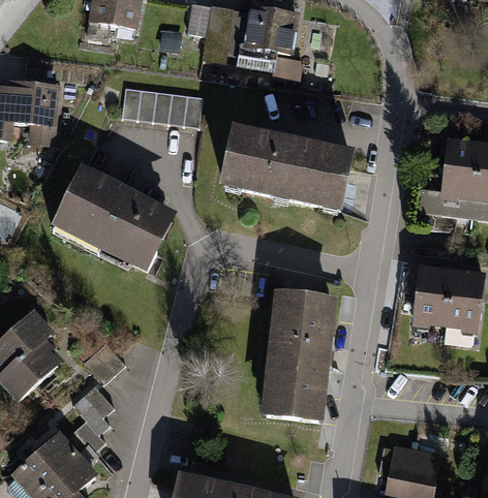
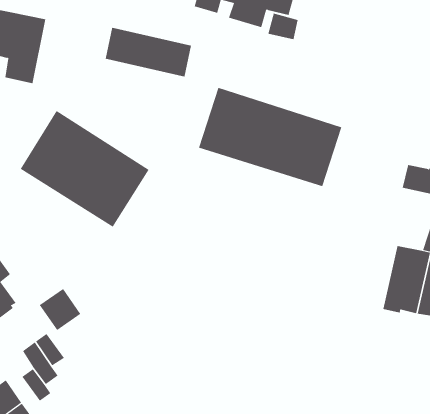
building: [260,295,337,426] -> none

